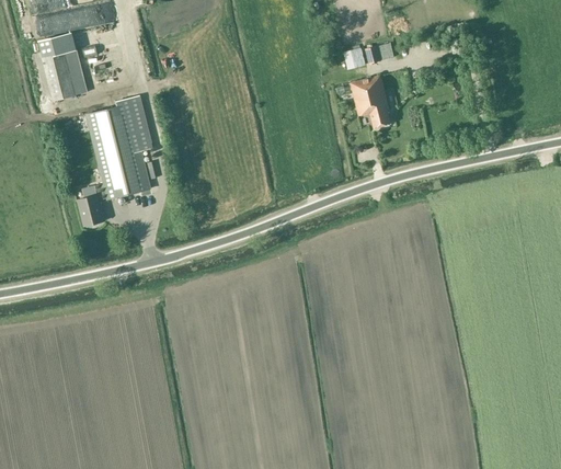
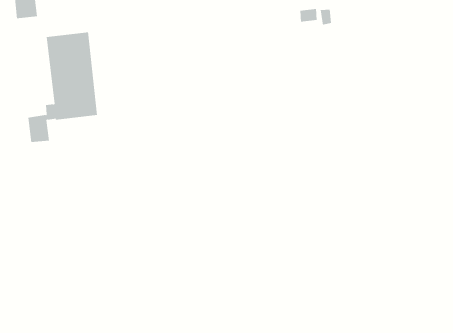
building: [355,73,396,125] -> none

